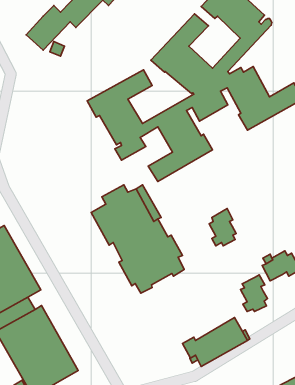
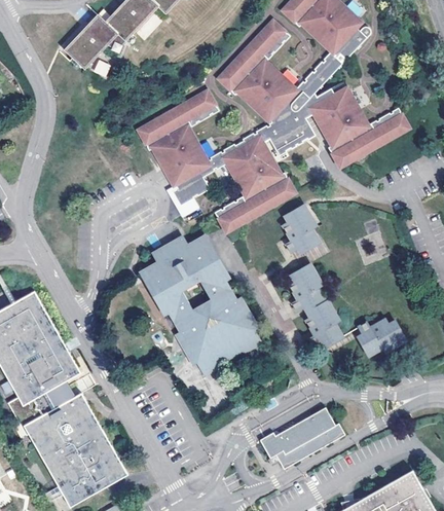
building: none -> [287,207,320,255]
building: [241,275,267,312] -> [306,302,340,349]

